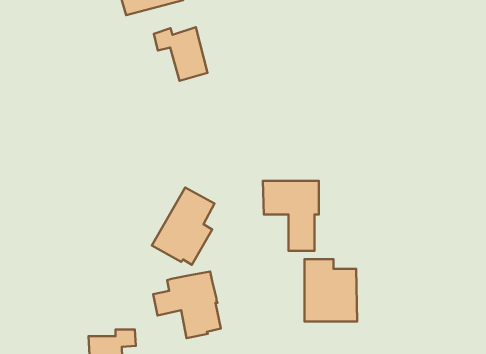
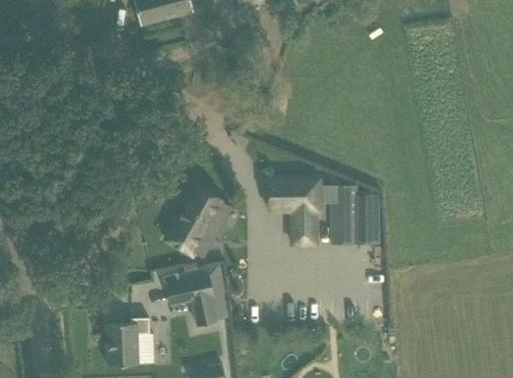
building: [154,27,208,81] -> none
building: [304,259,357,322] -> [330,184,379,243]

